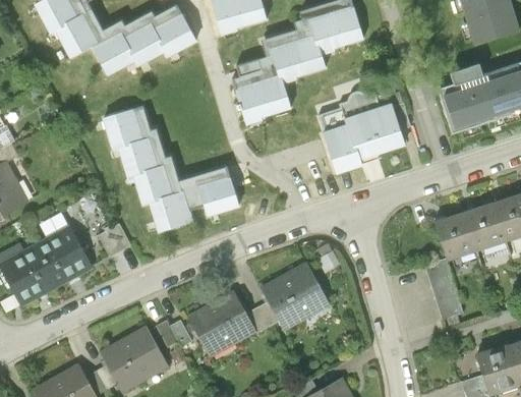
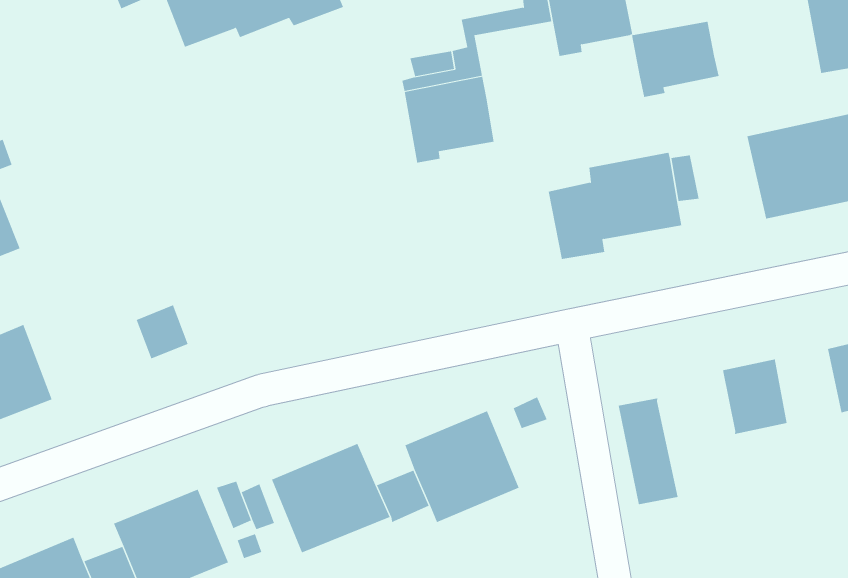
building: [272,37,325,84] -> [631,21,720,98]
building: [105,109,238,233] -> none
building: [464,204,505,248] -> none
building: [36,226,92,285] -> none
building: [423,257,464,319] -> [618,398,679,505]

